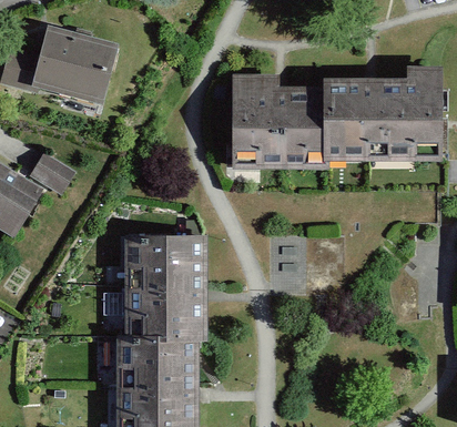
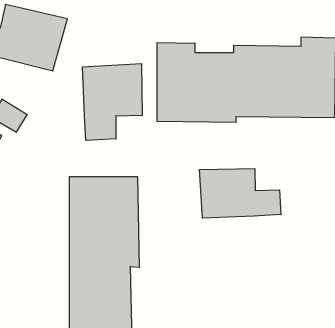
building: none -> [83,64,142,140]
building: none -> [199,169,281,218]

